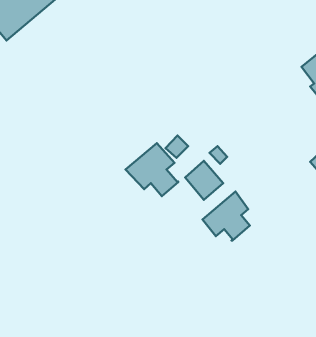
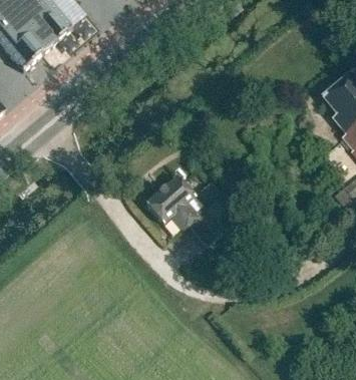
building: [203,191,250,240] -> none

